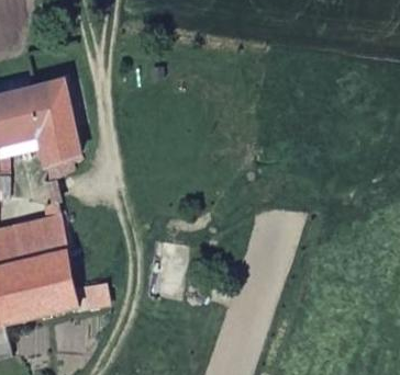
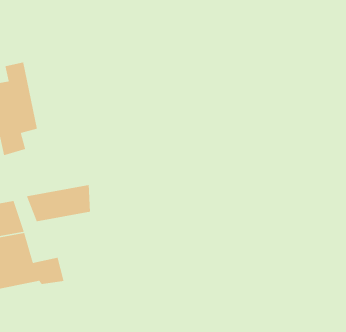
building: none -> [26,184,91,222]

